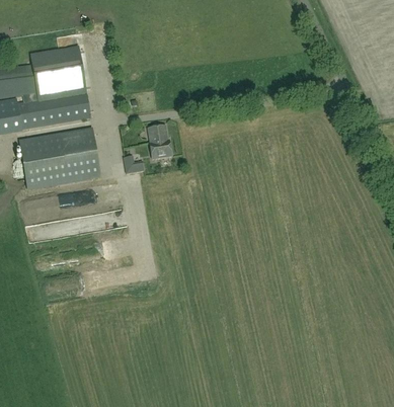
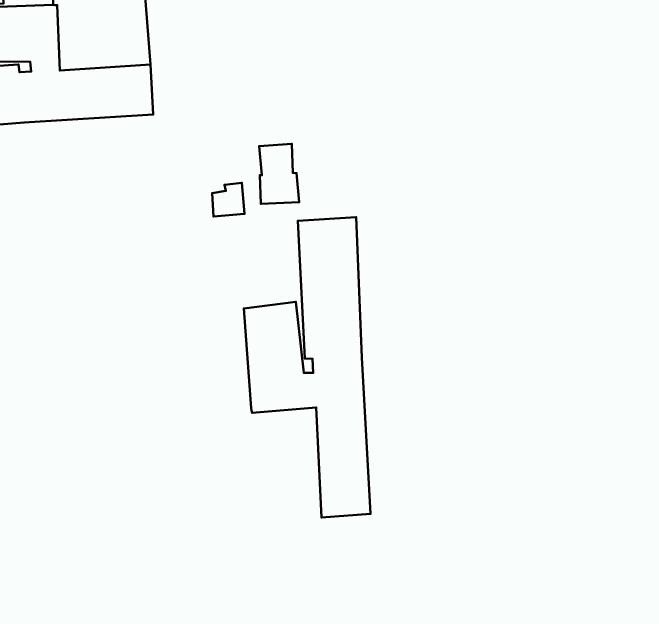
building: [19,129,100,187] -> none
building: none -> [244,217,371,517]

